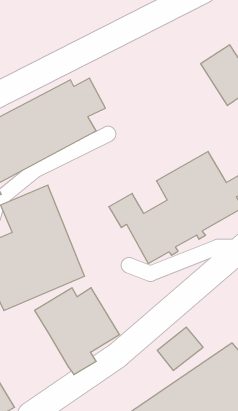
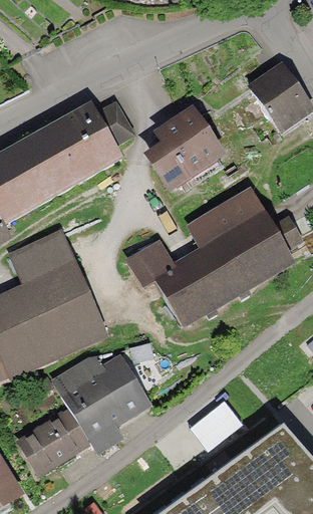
building: none -> [143,106,223,194]
building: none -> [12,409,87,479]

